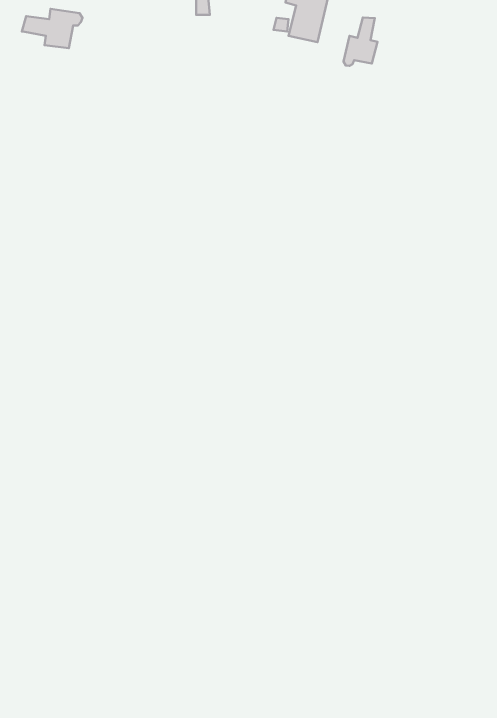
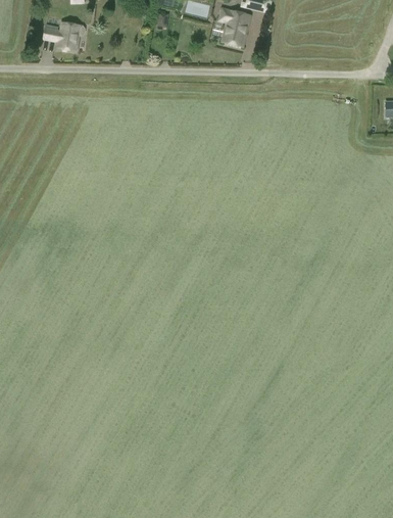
building: [343,17,377,66] -> none

